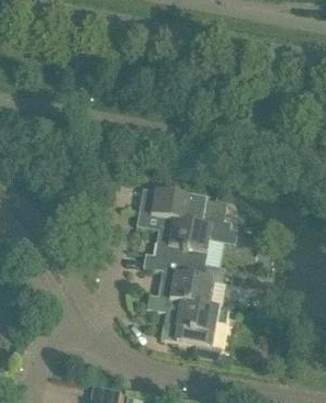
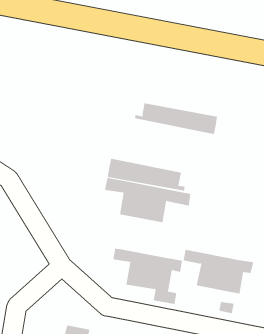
building: none -> [134,103,218,135]
building: [142,255,225,307] -> [183,249,254,294]

